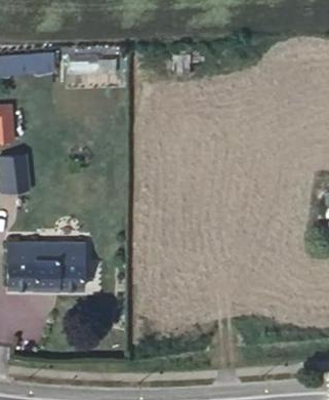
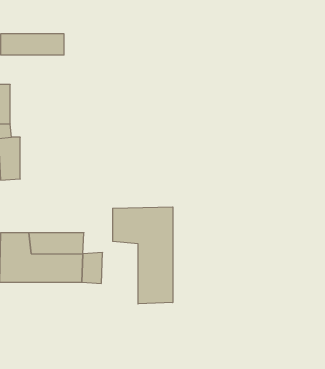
building: none -> [113,207,173,304]

